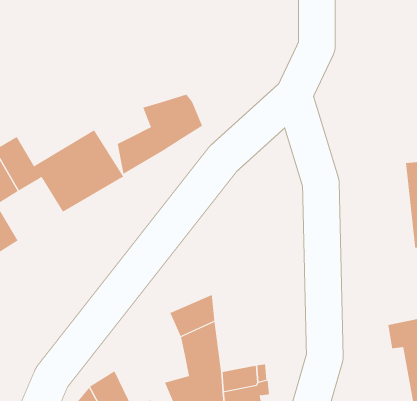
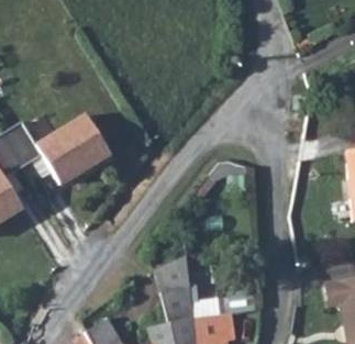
building: [117,94,203,175] -> none

